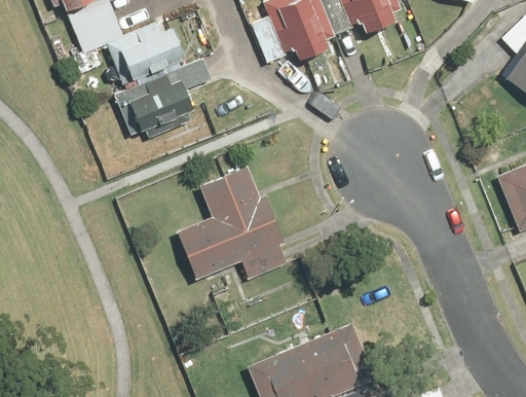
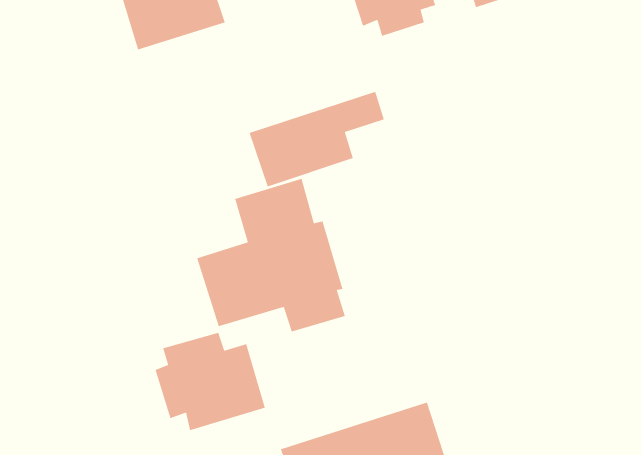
building: [114,58,213,134] -> [248,91,385,188]
building: none -> [155,332,266,431]

